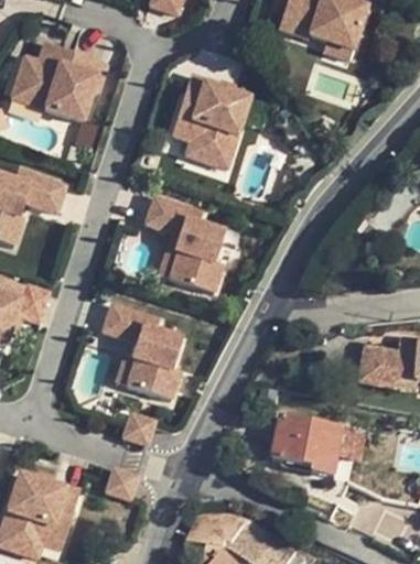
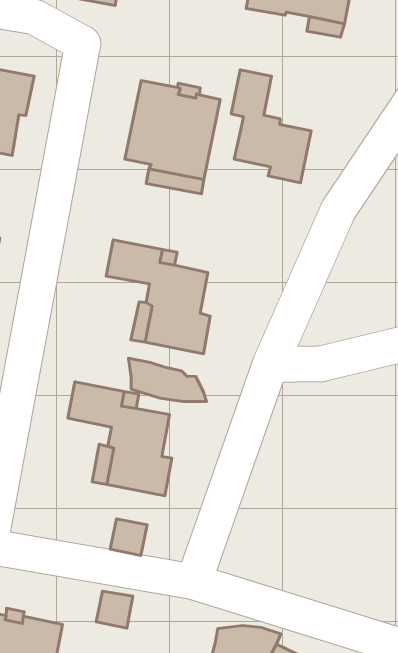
building: none -> [231,70,311,183]
building: none -> [128,358,207,402]
building: [277,416,343,477] -> none

